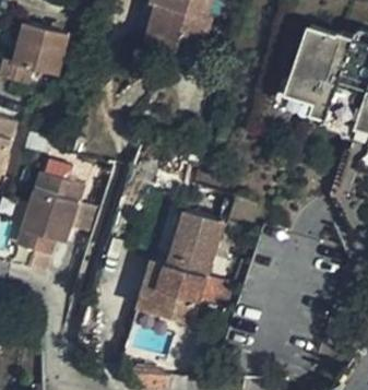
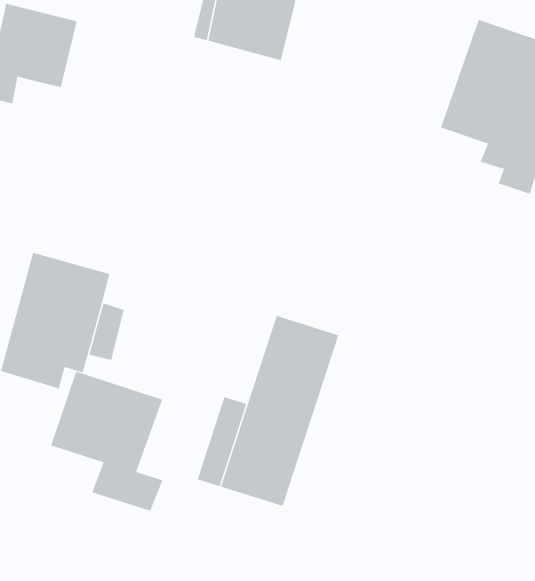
building: none -> [51,371,163,511]

